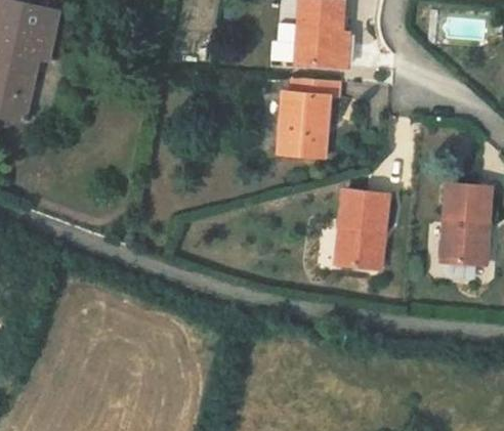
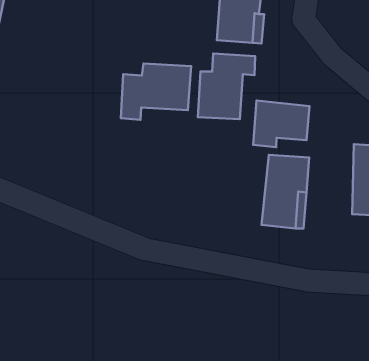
building: none -> [121,63,191,120]
building: none -> [253,101,310,147]

